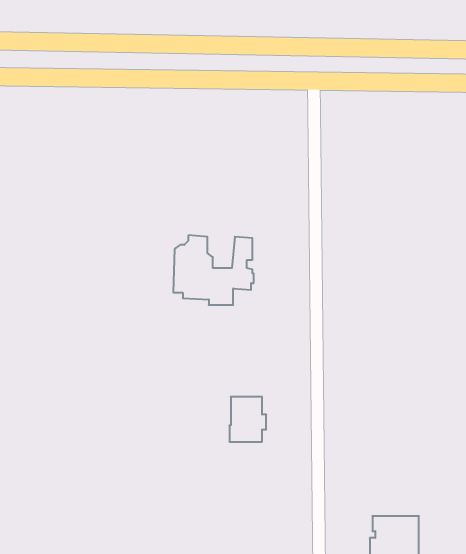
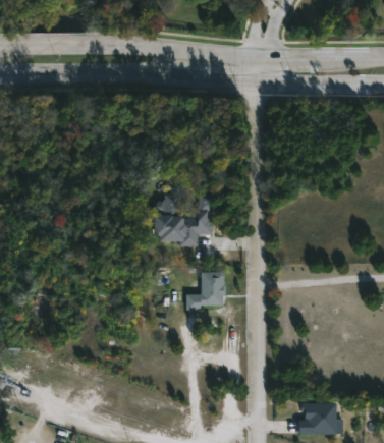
building: [229,397,266,442] -> [200,272,227,306]

